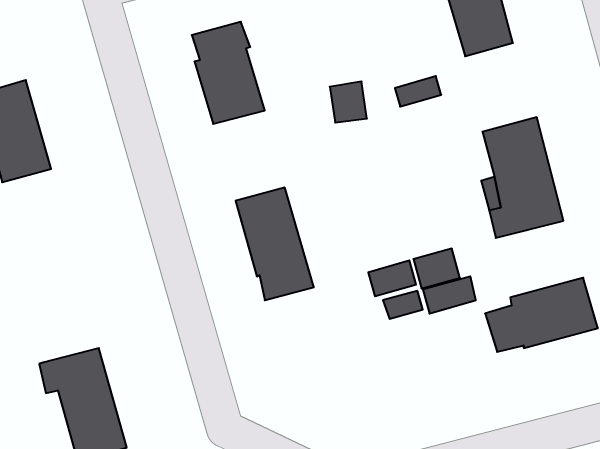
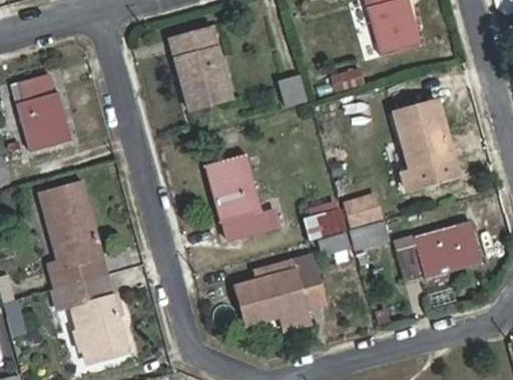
building: none -> [38,180,106,287]
building: none -> [235,260,323,330]

